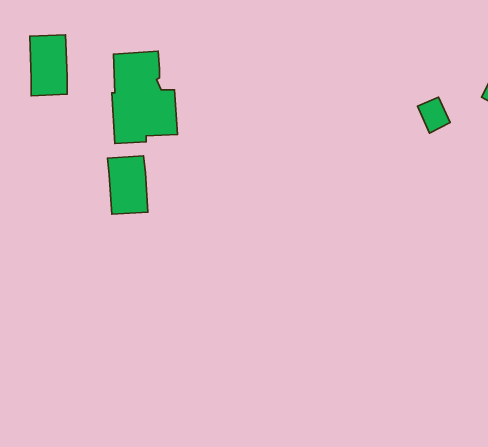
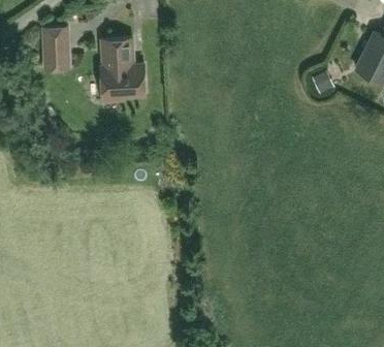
building: [107,156,148,214] -> none

